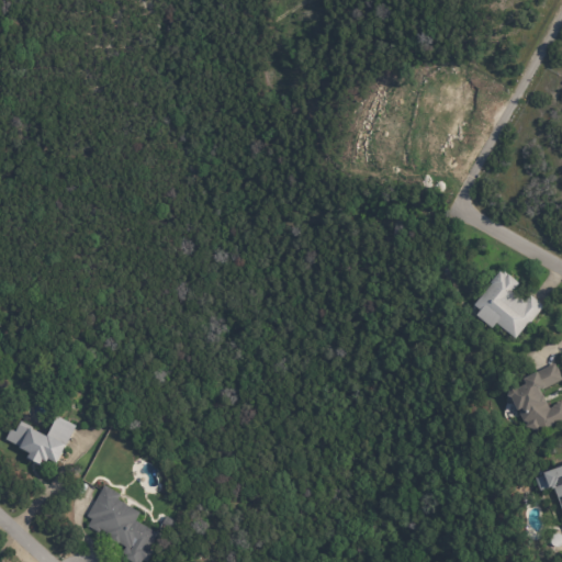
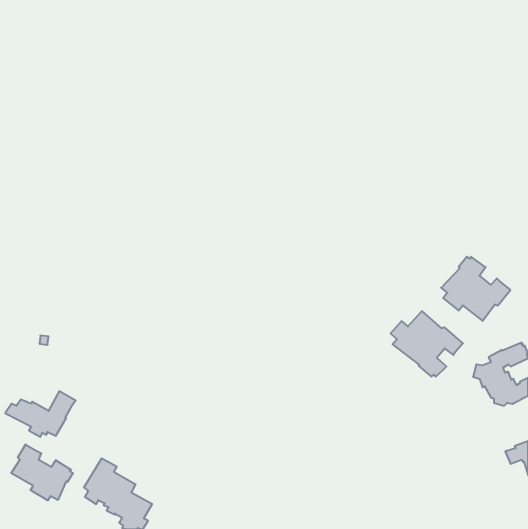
building: none -> [391,311,463,377]
building: none -> [11,444,73,500]

